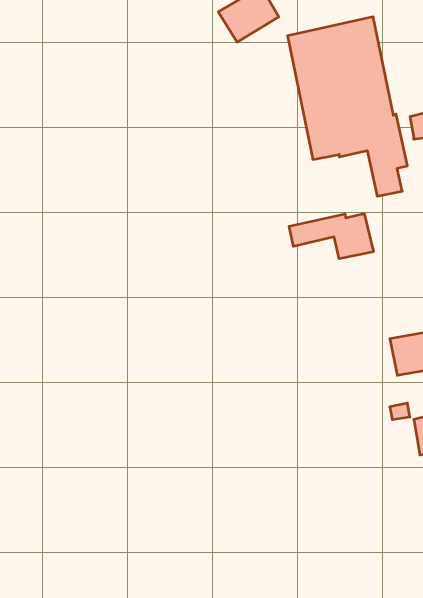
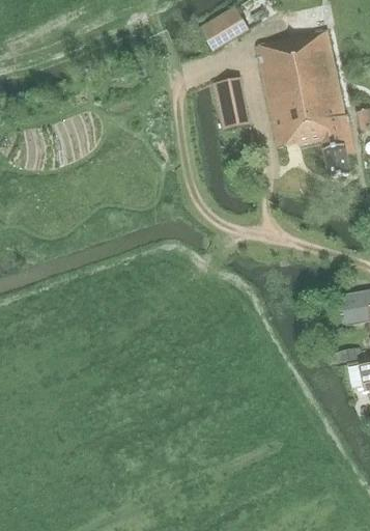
building: none -> [212,77,250,130]
building: [289,214,373,259] -> none

